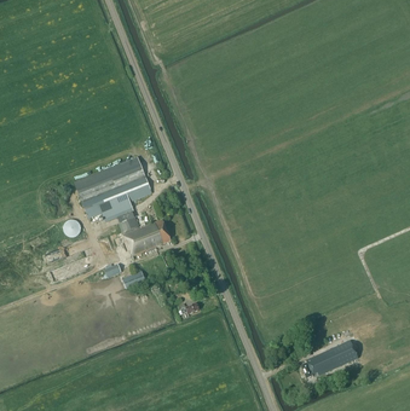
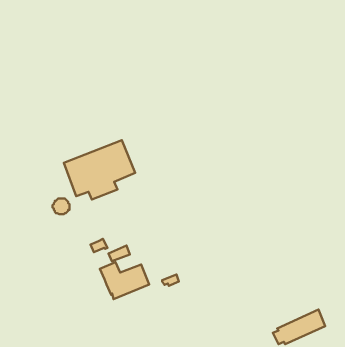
building: [117,215,171,255] -> [100,262,149,299]

